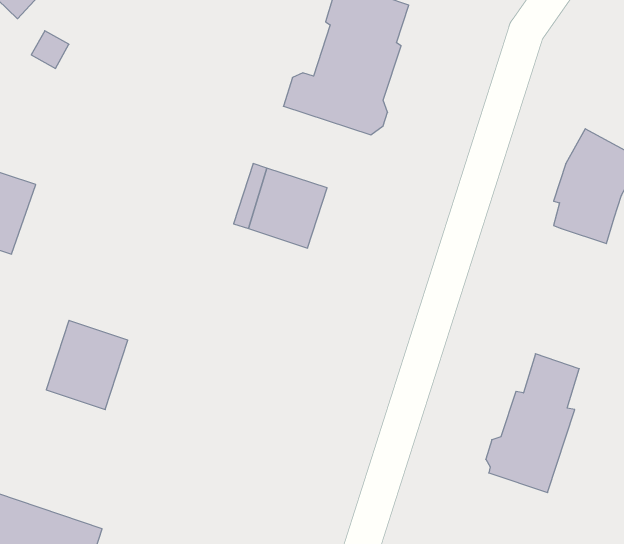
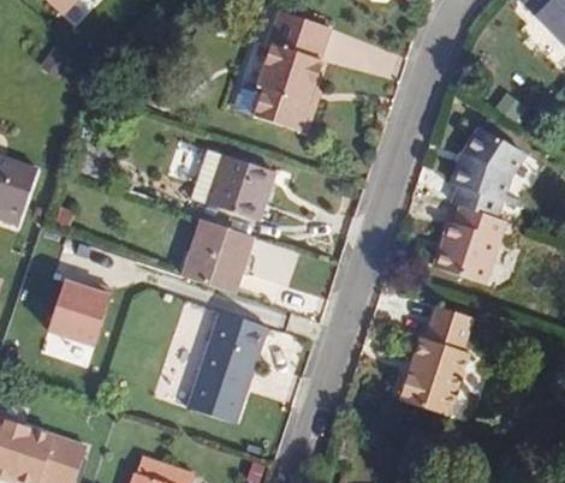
building: none -> [430,205,501,282]
building: none -> [185,219,250,290]
building: none -> [184,311,263,423]

